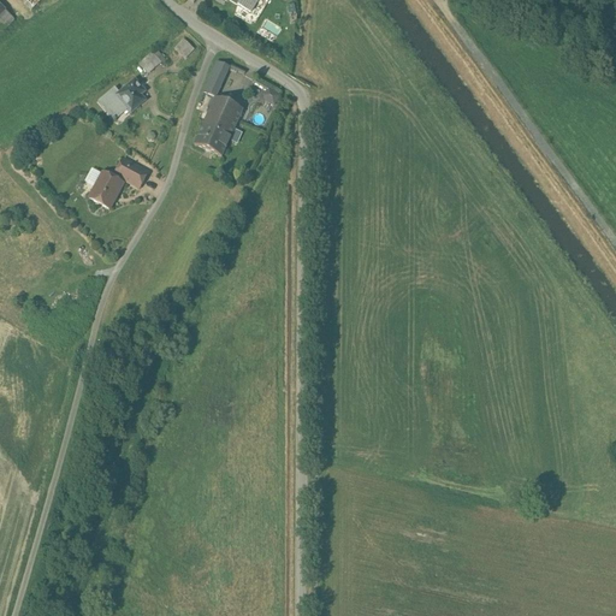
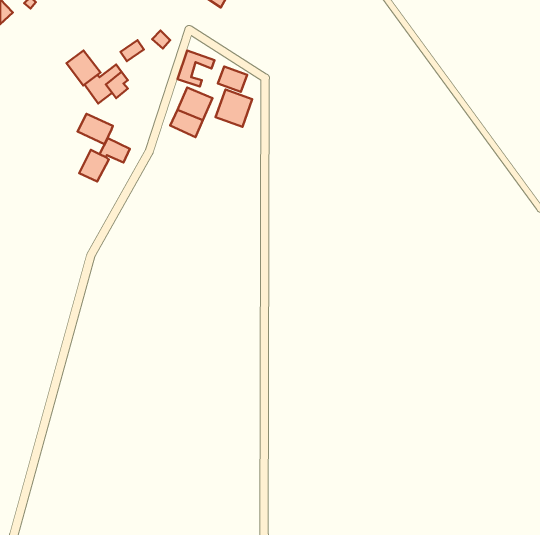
building: none -> [66,50,100,85]
building: none -> [216,90,252,127]
building: none -> [77,114,113,144]

